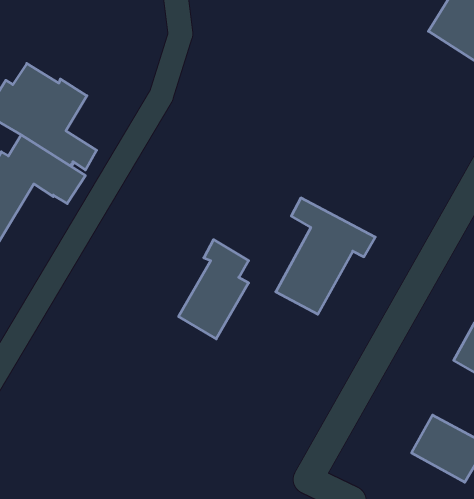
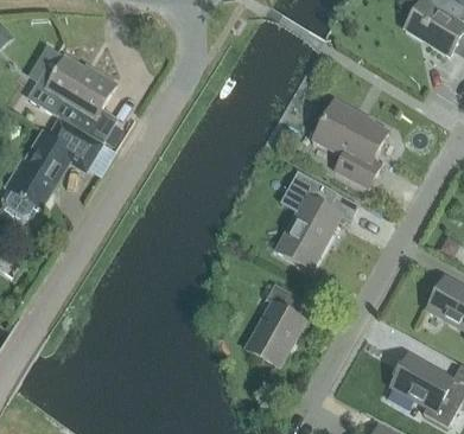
building: none -> [311,97,387,186]
building: [179,240,249,339] -> [246,282,305,366]

